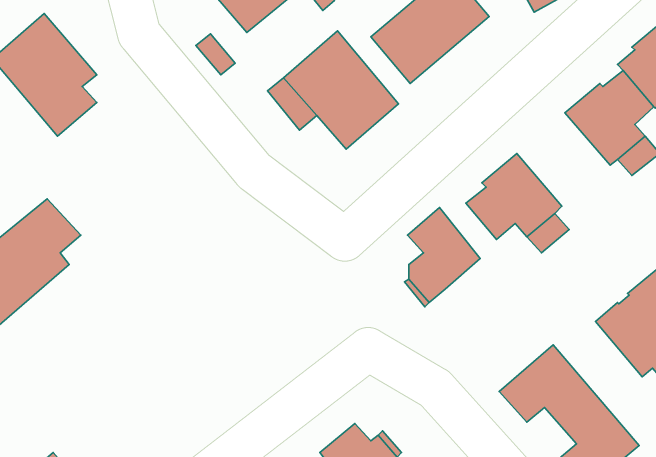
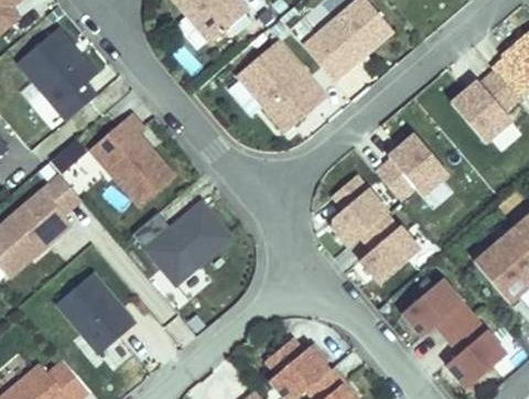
building: none -> [88,105,185,209]
building: none -> [133,201,231,284]
building: none -> [359,213,420,283]
building: none -> [56,272,136,354]

